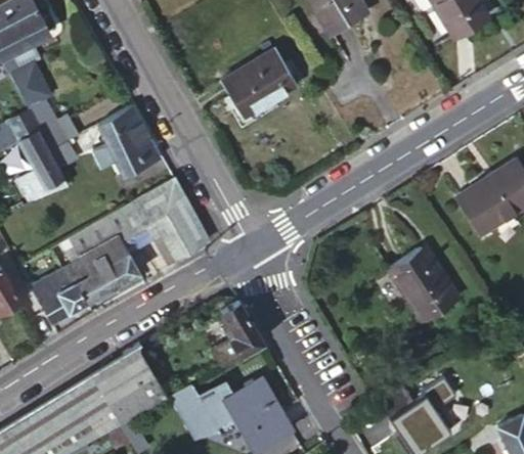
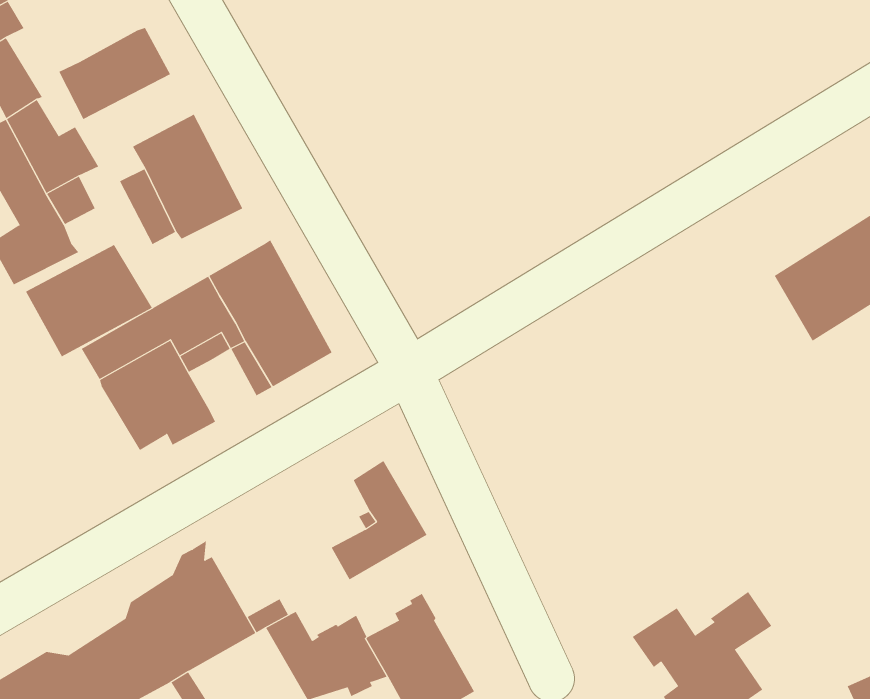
building: [222,48,296,116] -> none
building: none -> [58,27,171,120]
building: [390,251,456,320] -> none
building: [30,259,101,322] -> [25,244,153,357]

